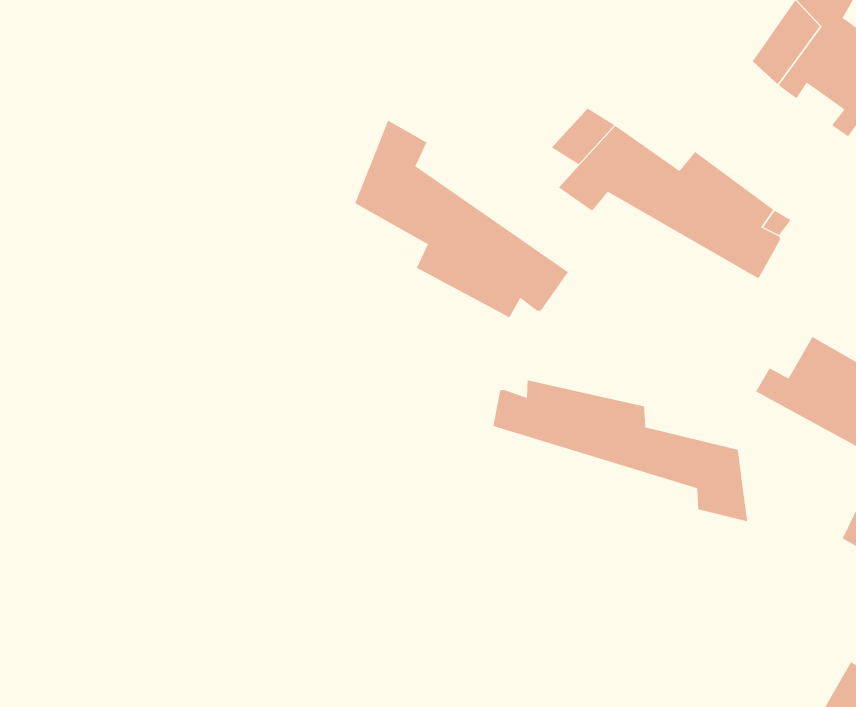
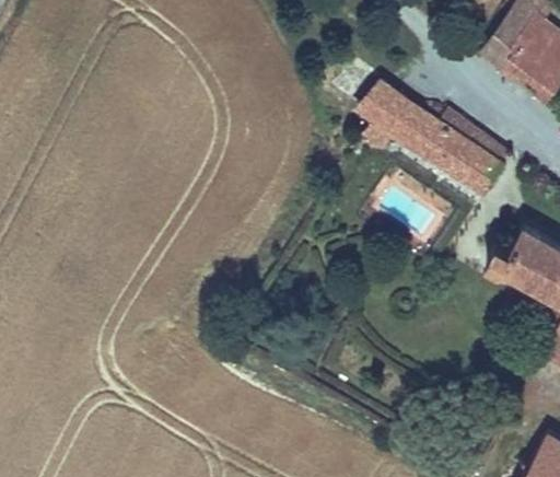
building: [354,120,569,318] -> none
building: [493,380,748,522] -> none

